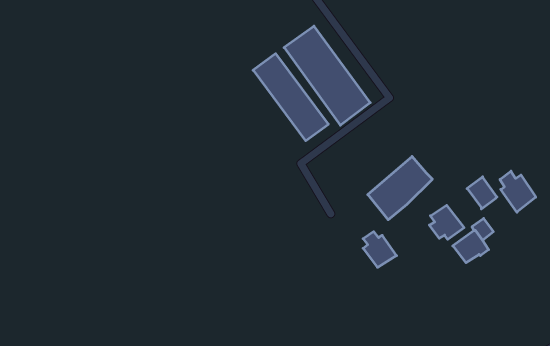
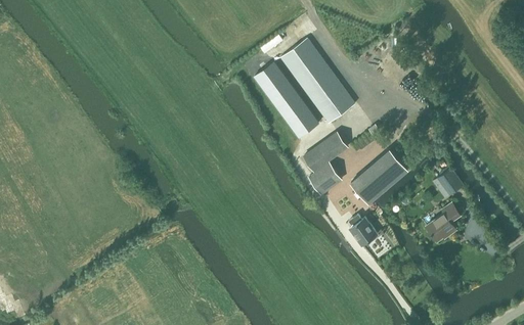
building: none -> [303,133,347,192]
building: [500,171,536,212] -> none
building: [429,205,464,239] -> none

